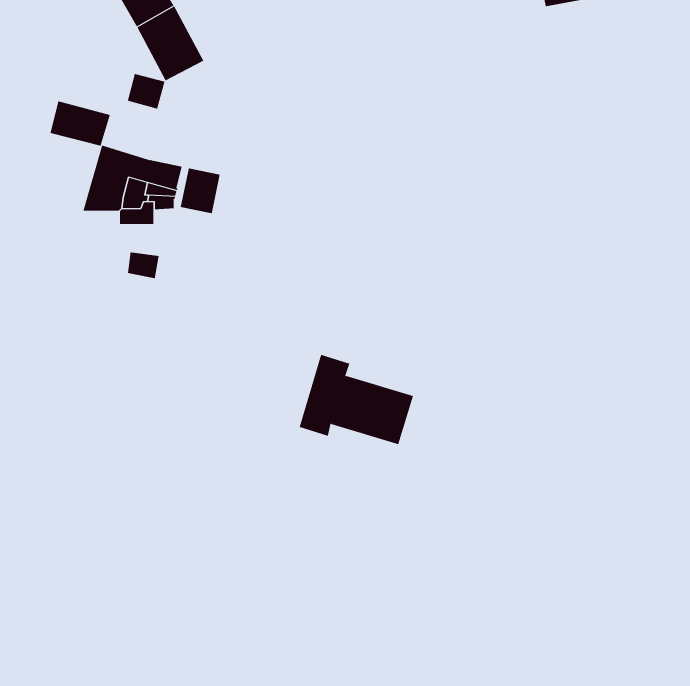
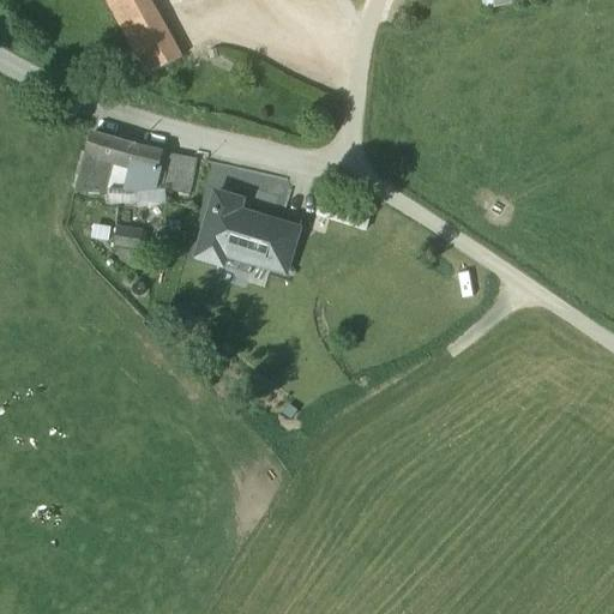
building: [127,73,165,109] -> none
building: [50,101,111,147] -> none
building: [299,354,414,445] -> [197,188,299,269]

